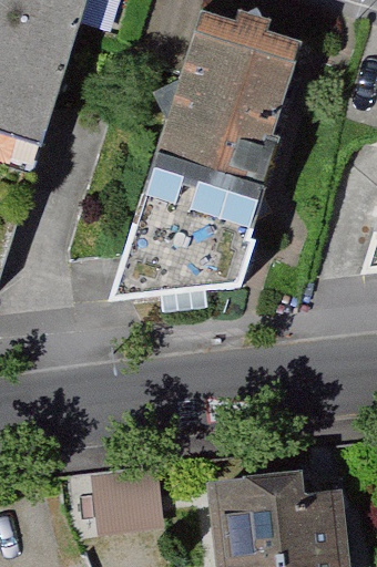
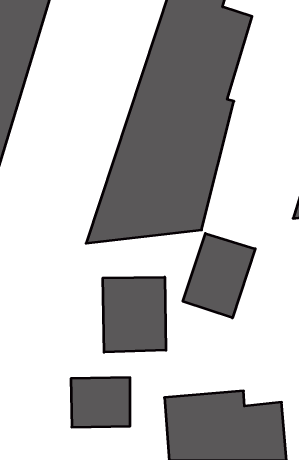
building: none -> [183,233,255,318]
building: none -> [103,277,166,352]

